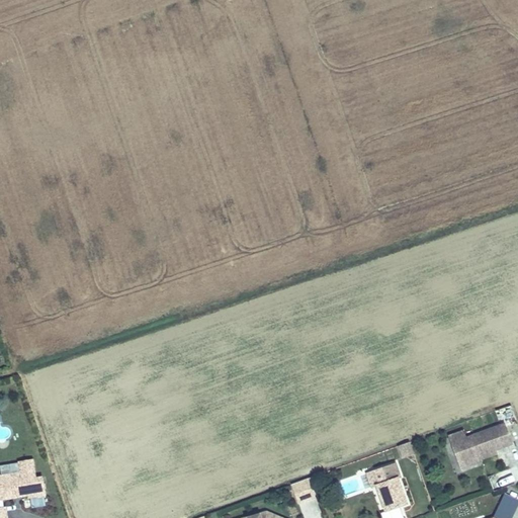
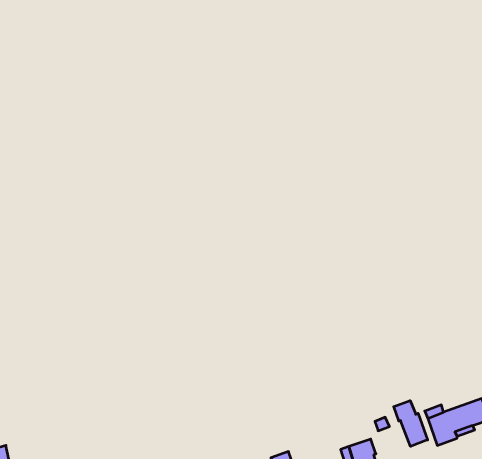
building: none -> [394,401,428,446]

